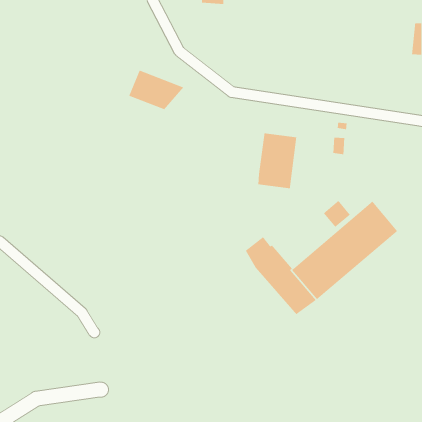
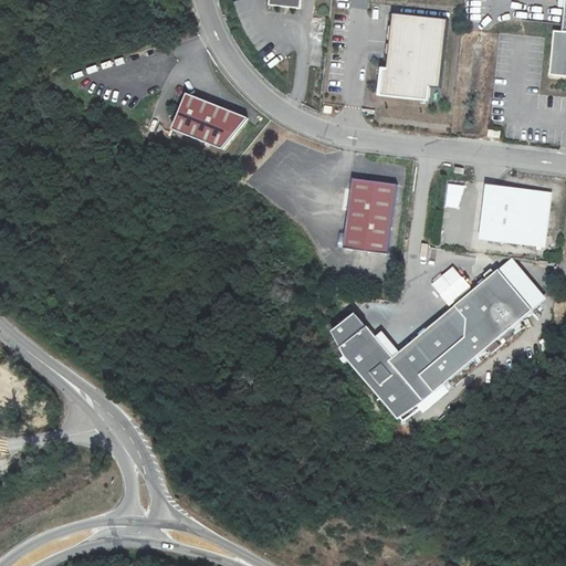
building: none -> [380,13,448,99]
building: none -> [479,185,548,245]
building: none -> [497,258,545,308]

